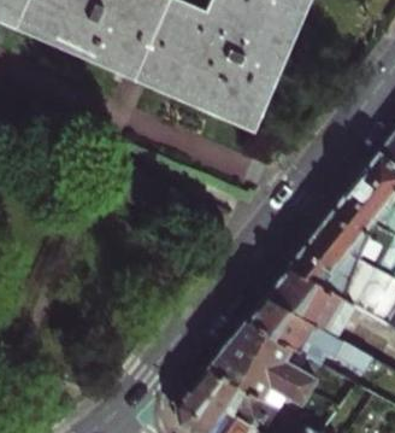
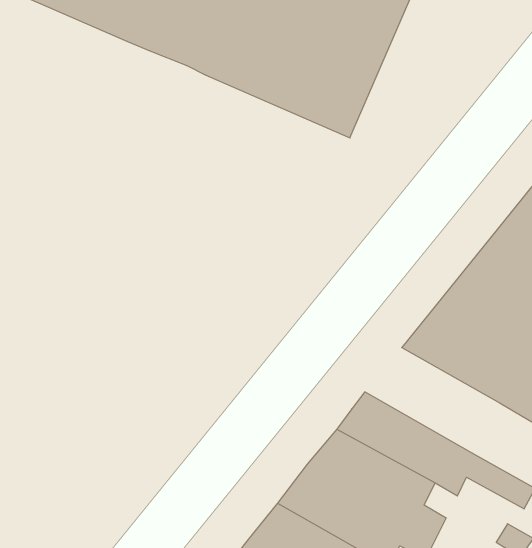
building: [264,269,352,338] -> none

